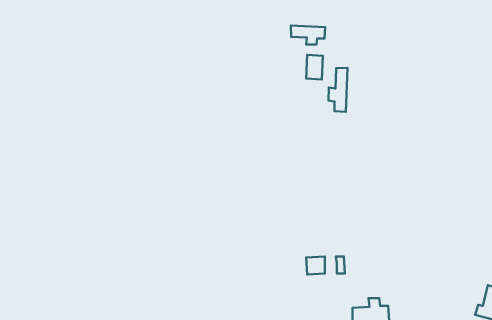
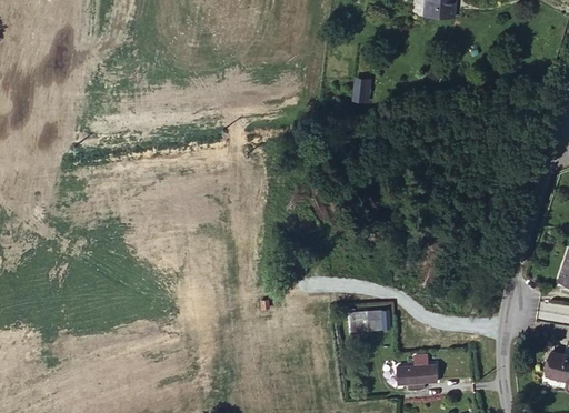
building: [291,26,325,44] -> none
building: [329,68,348,112] -> none

